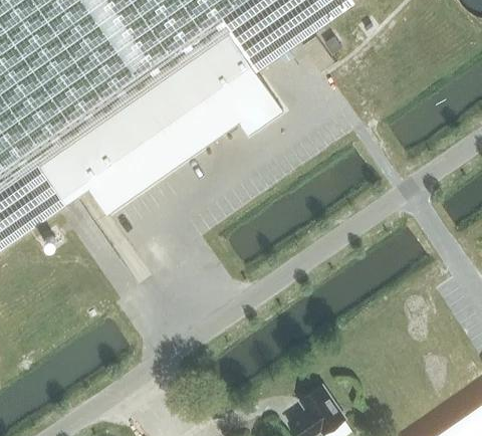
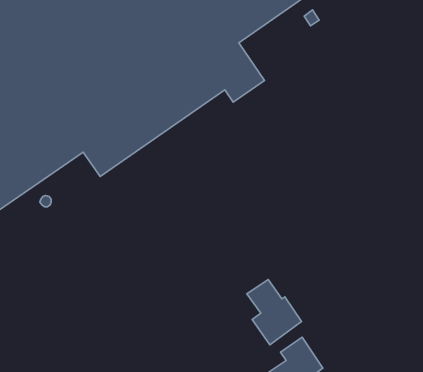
building: none -> [247,279,302,345]

